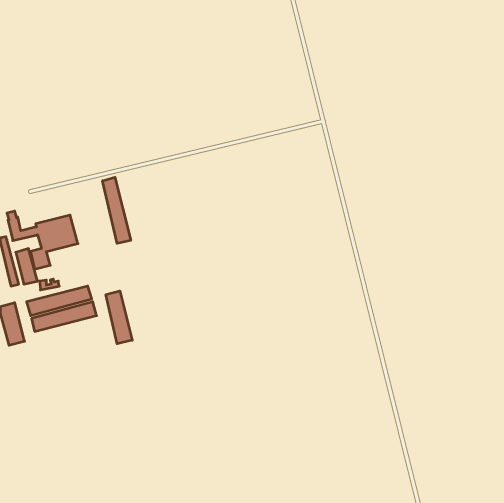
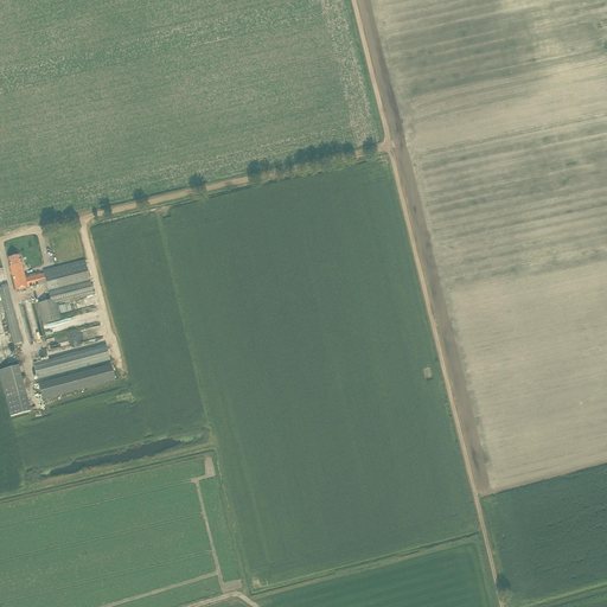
building: [103,177,131,243] -> none
building: [106,291,132,344] -> none

